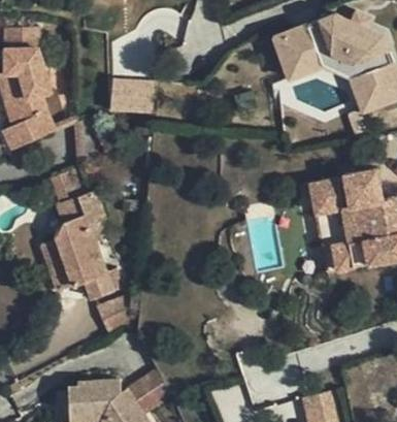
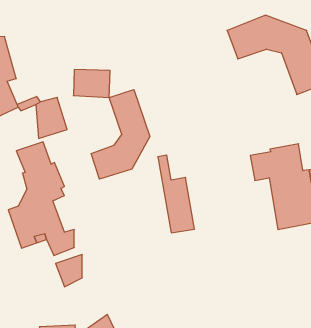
building: [276,37,373,113] -> none
building: none -> [91,90,150,179]
building: [309,182,352,271] -> [158,155,194,233]

